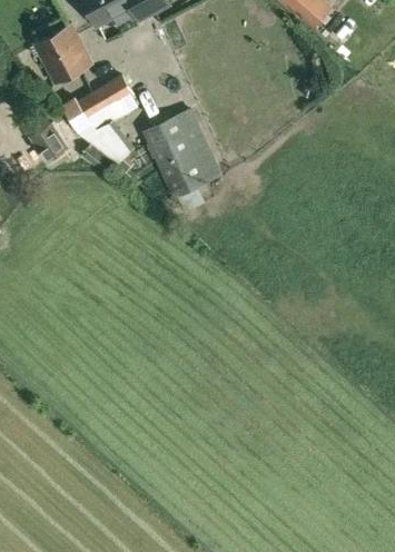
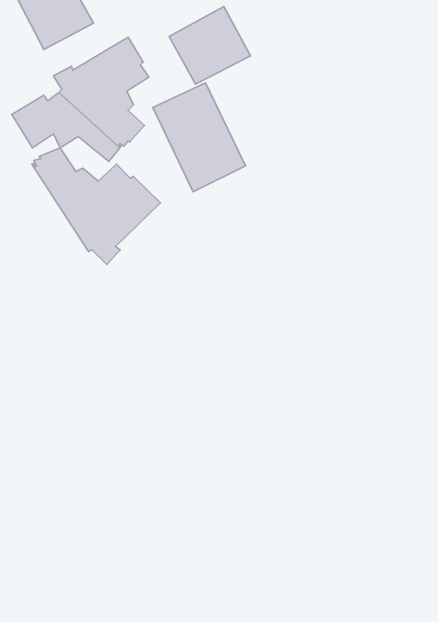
building: none -> [169,6,250,84]
building: none -> [32,148,160,264]

